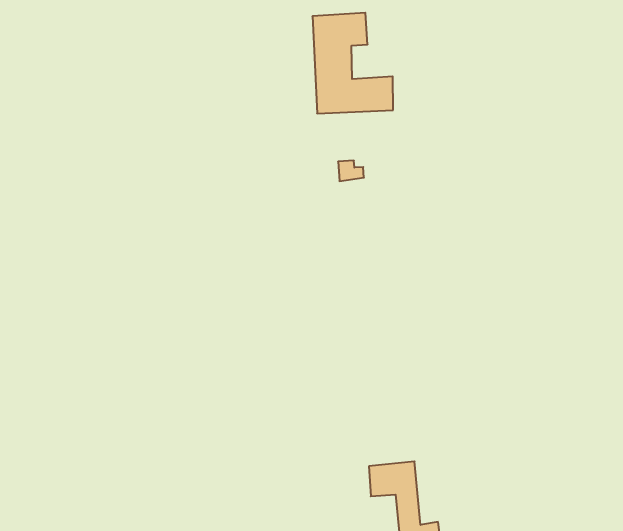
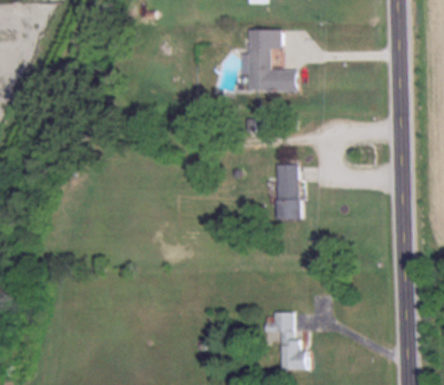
building: none -> [278,165,298,218]

